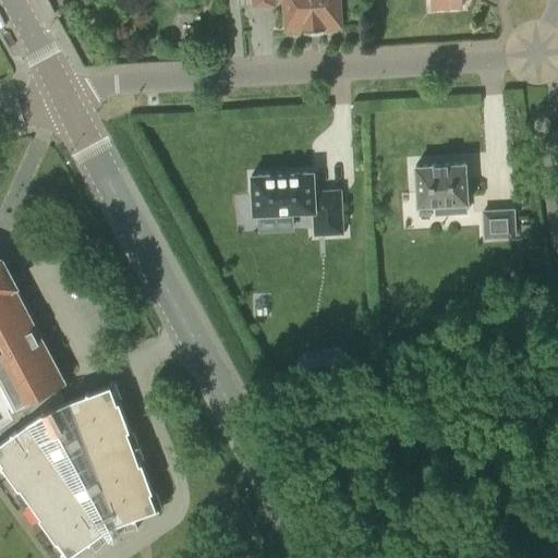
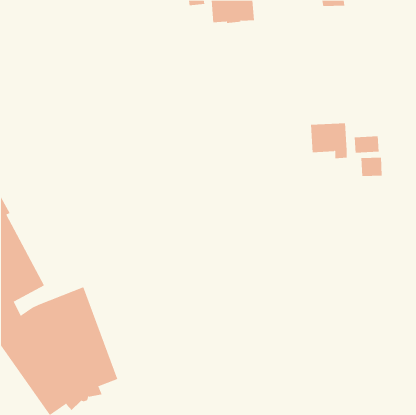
building: [253,175,345,238] -> none
building: none -> [354,135,379,154]

